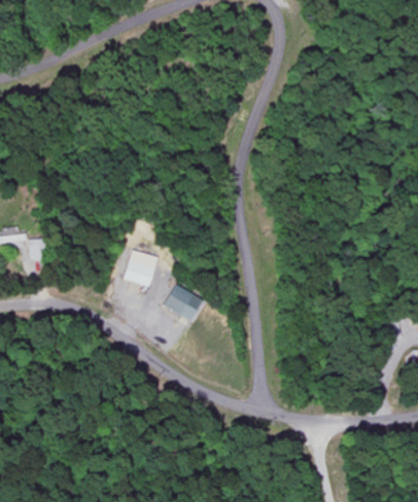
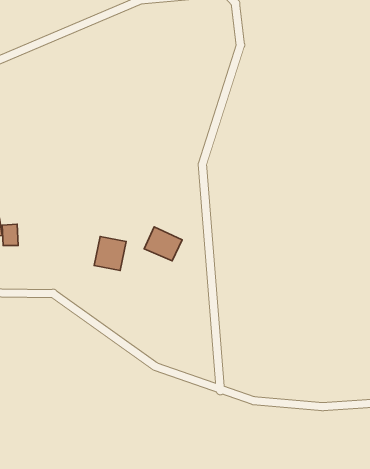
building: [164,285,203,320] -> [144,227,182,261]

